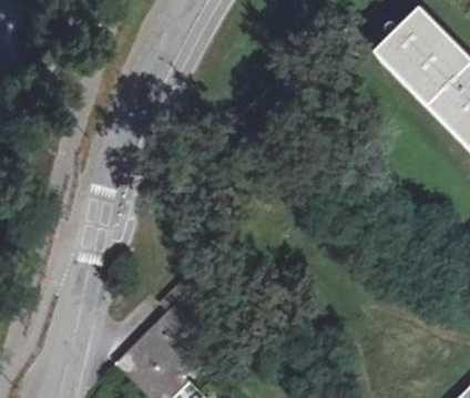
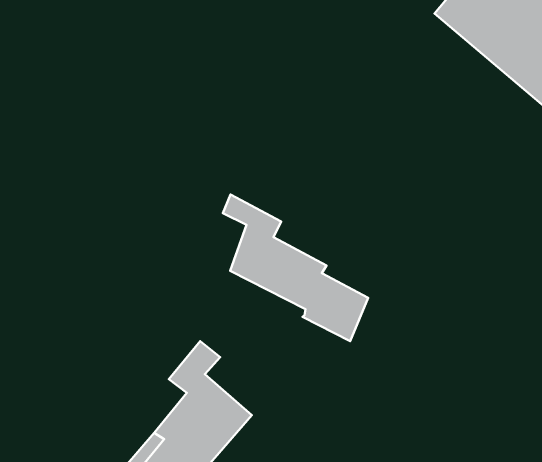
building: none -> [223,195,368,341]

